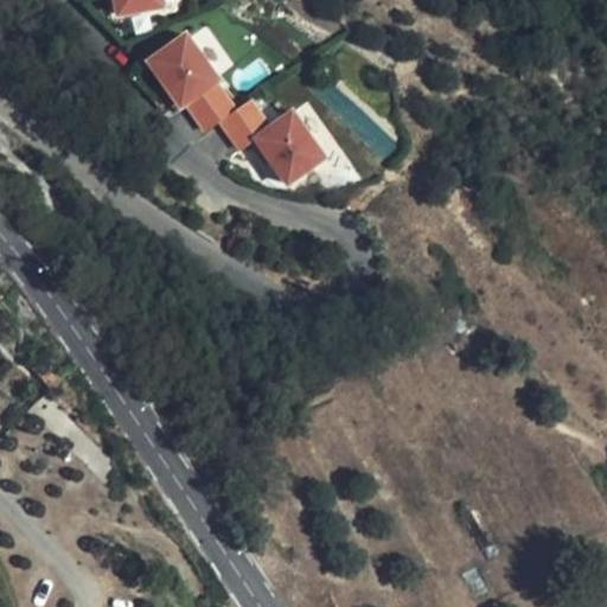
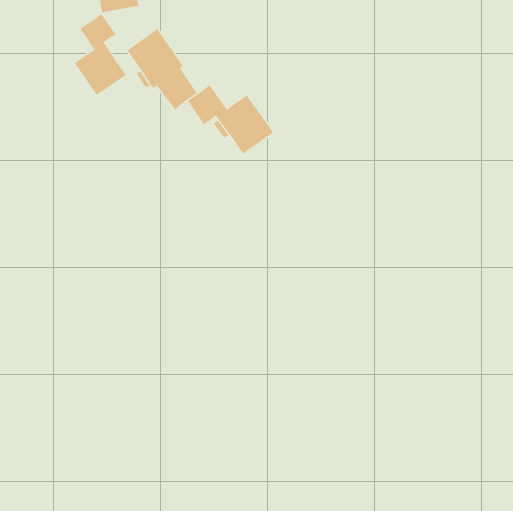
building: none -> [74,13,127,96]

